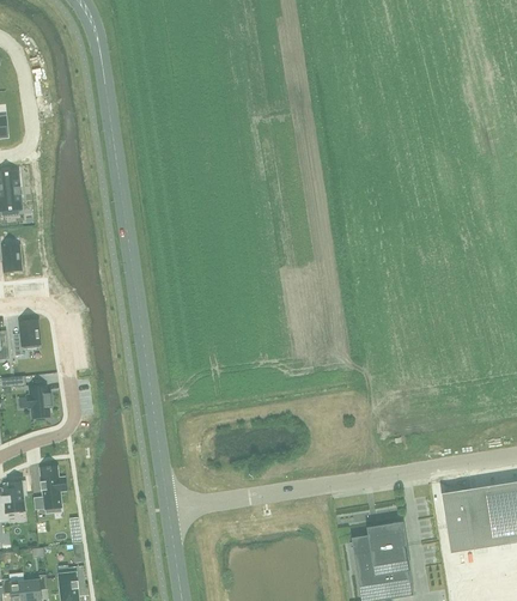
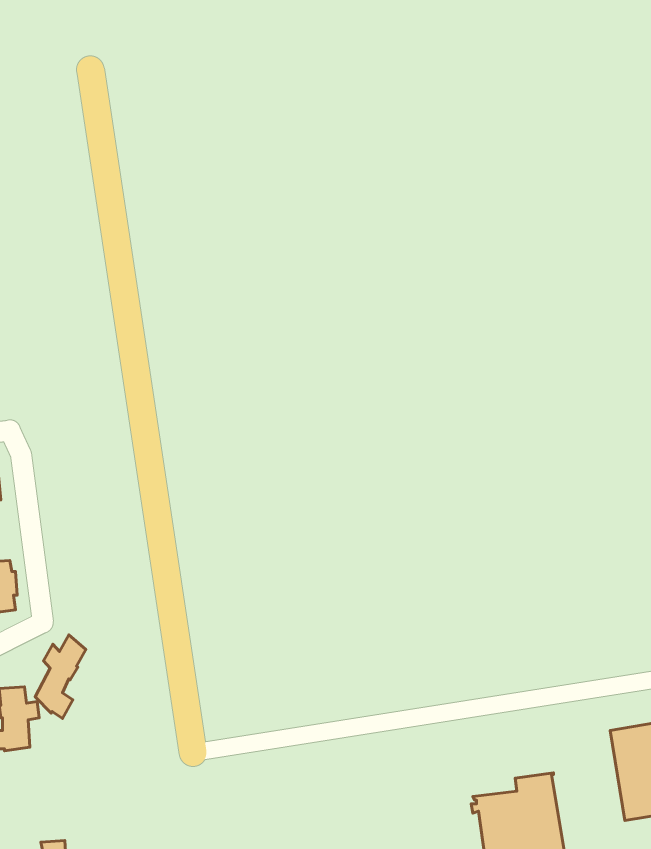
building: none -> [35,635,86,719]

